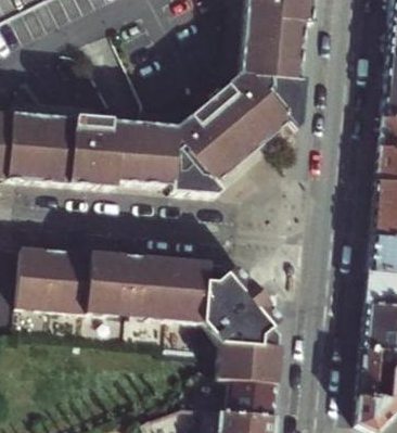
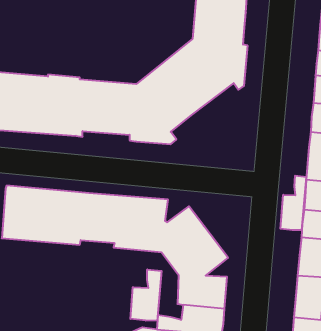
building: none -> [280,176,306,230]
building: none -> [130,269,162,321]

